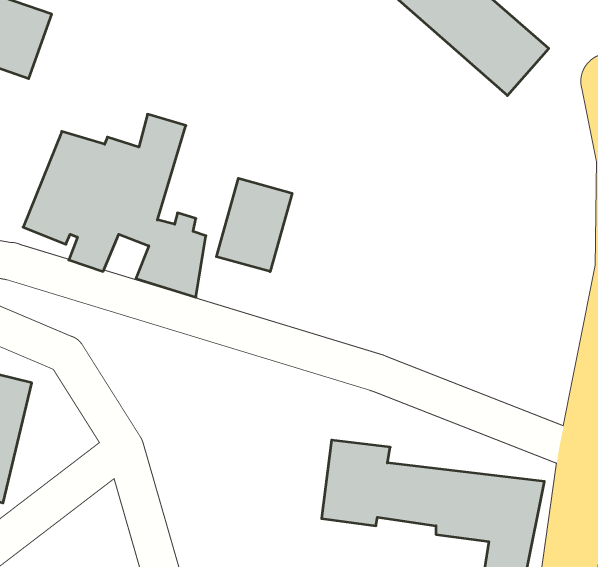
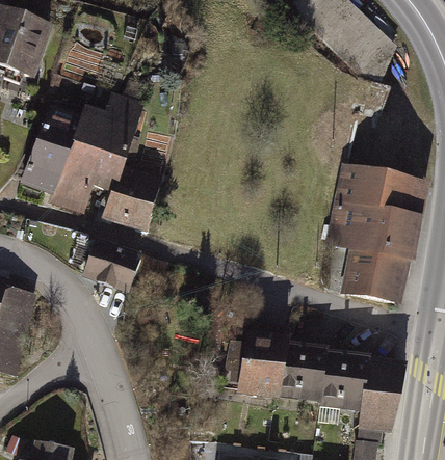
building: [216,178,292,272] -> none
building: none -> [326,159,426,306]
building: none -> [84,242,139,289]

